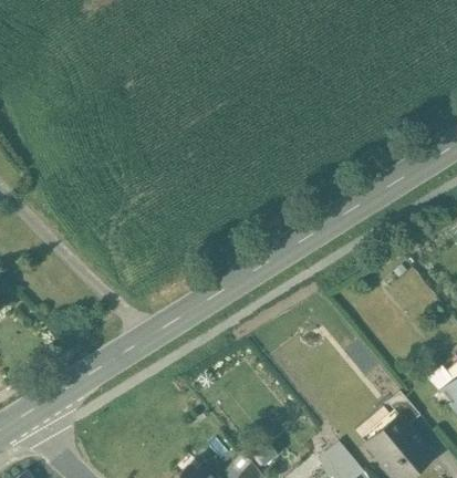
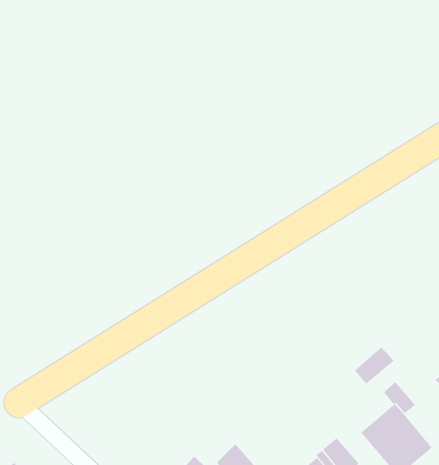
building: none -> [354,346,395,384]

